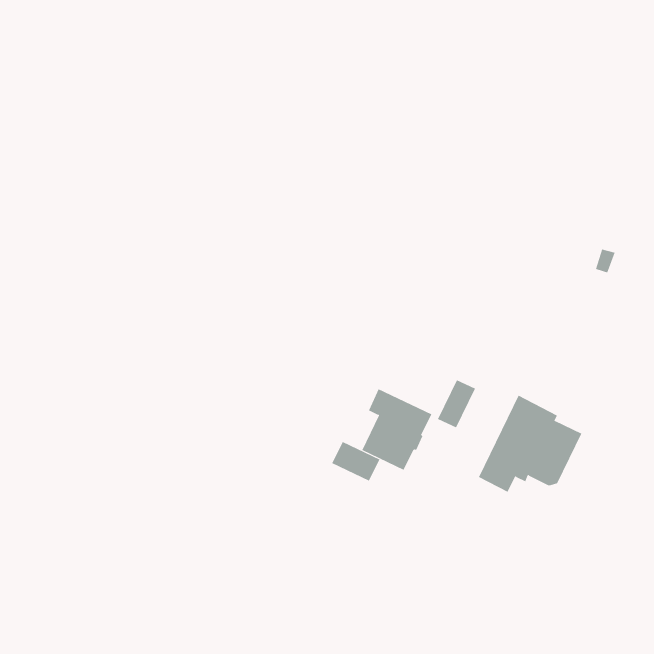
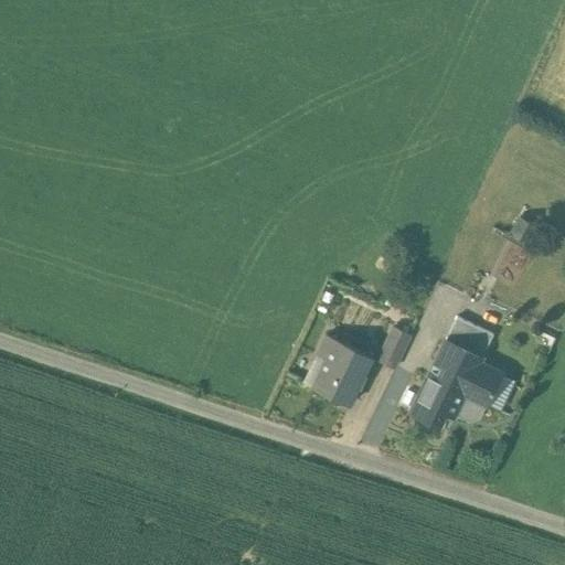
building: none -> [447,318,492,359]
building: [332,441,380,481] -> none

